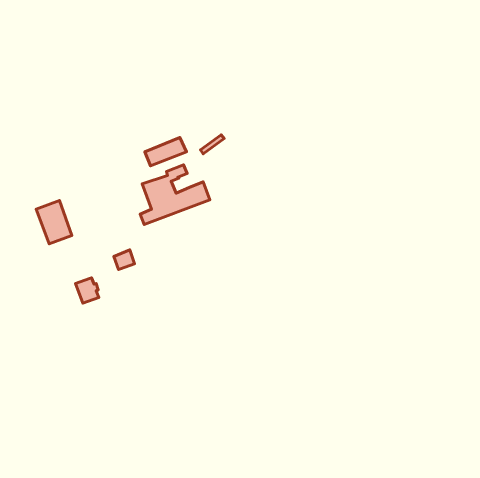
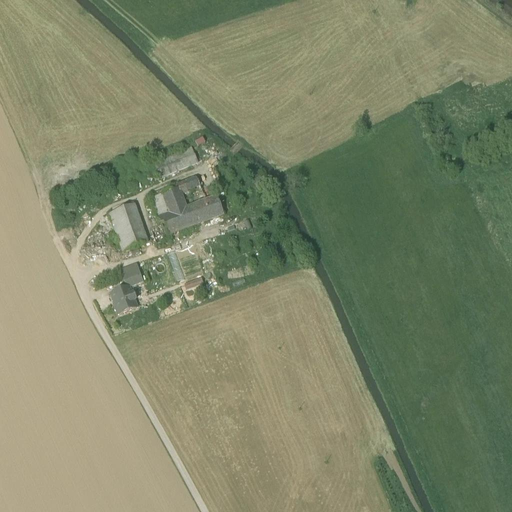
building: [36,201,72,244] -> [109,203,147,249]
building: [75,278,99,303] -> [112,285,137,312]

